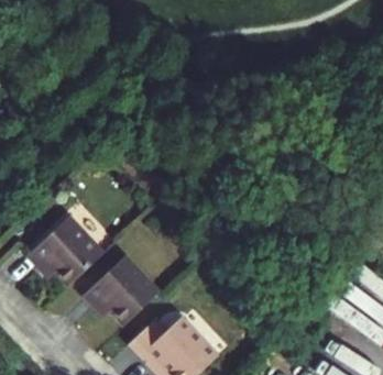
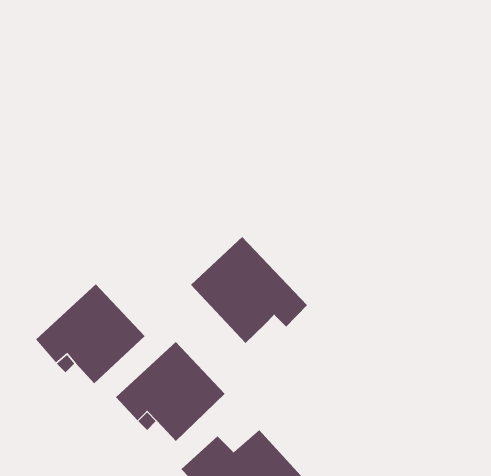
building: none -> [190,236,308,344]

